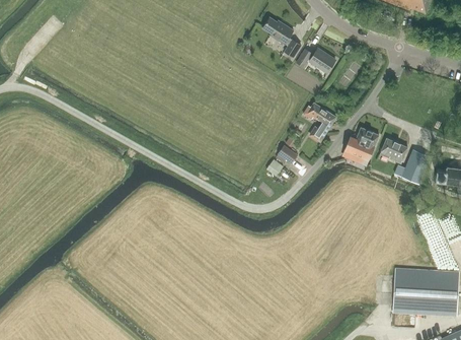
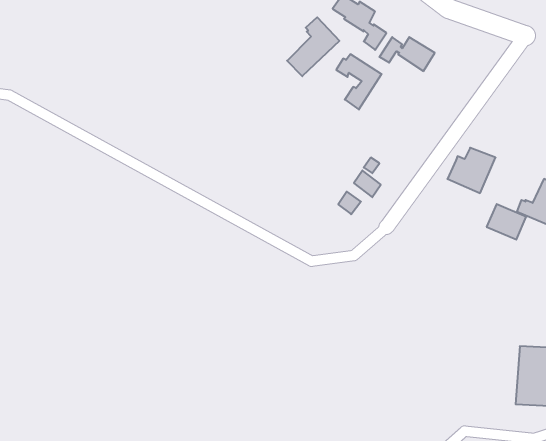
building: none -> [287,17,339,76]
building: [303,103,335,142] -> [336,54,382,110]
building: [379,138,407,163] -> [487,204,526,240]

